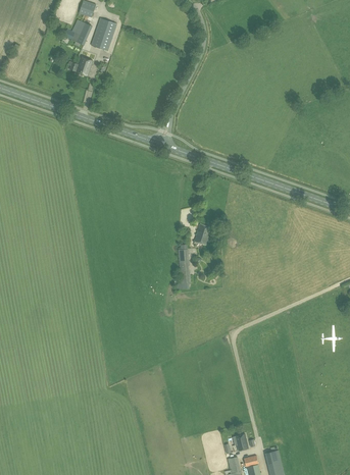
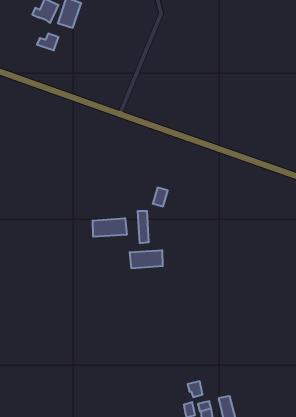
building: none -> [93,218,127,237]
building: none -> [130,250,163,268]

